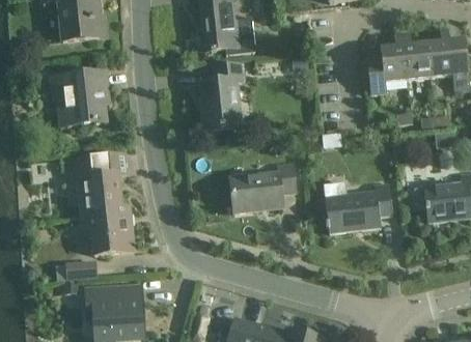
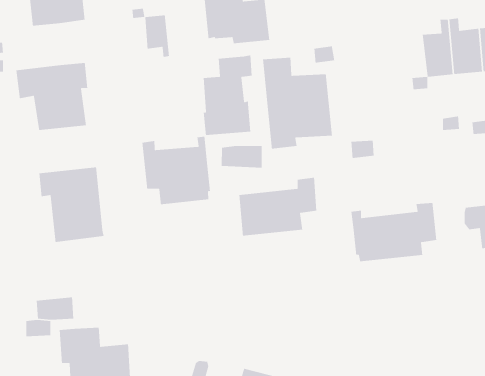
building: none -> [131,8,170,58]
building: none -> [262,57,333,149]
building: none -> [141,136,211,205]
building: none -> [221,145,262,168]
building: [81,204,134,253] -> none

